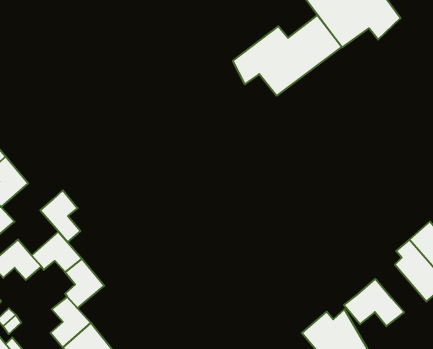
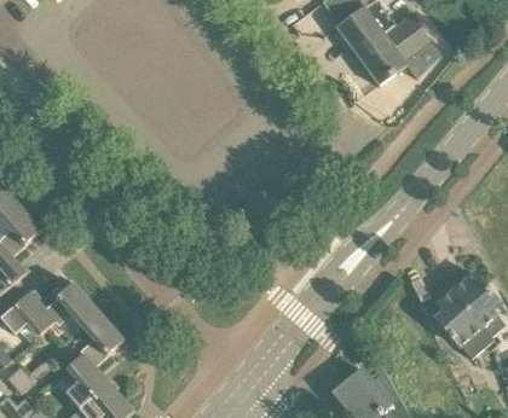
building: [233,15,342,96] -> none
building: [40,190,80,242] -> none
building: [344,279,404,326] -> none

